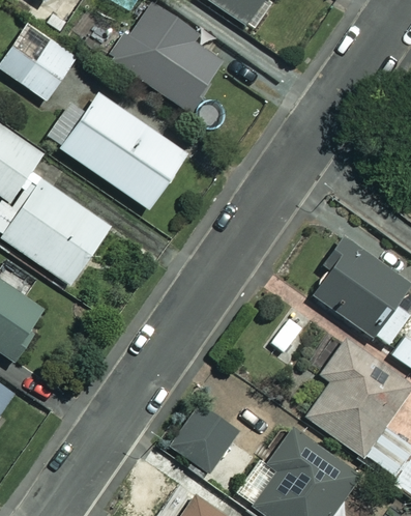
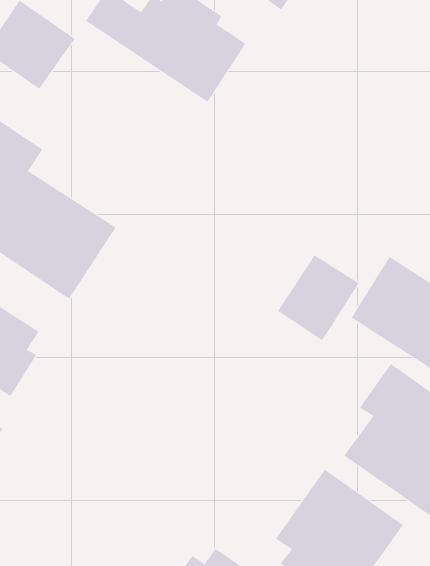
building: [59,93,186,210] -> none
building: none -> [278,254,360,341]
building: [166,405,238,479] -> none

